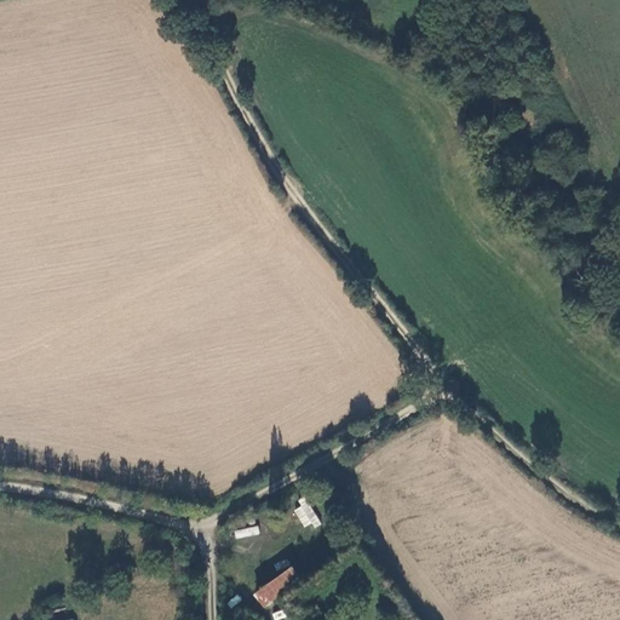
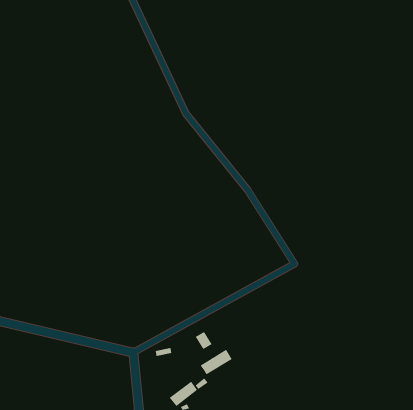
building: none -> [200,349,232,375]

